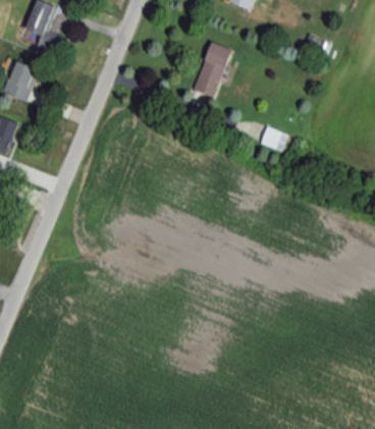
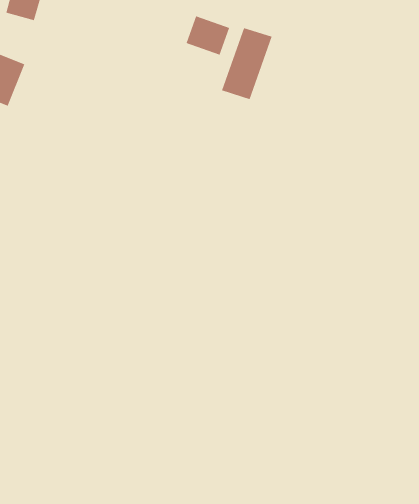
building: none -> [186,15,230,56]
building: [260,125,288,152] -> none

